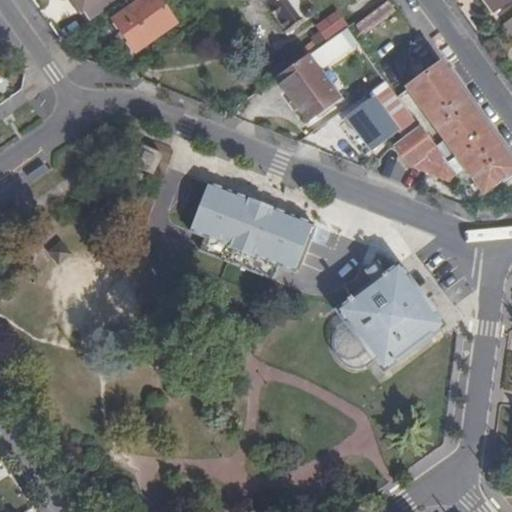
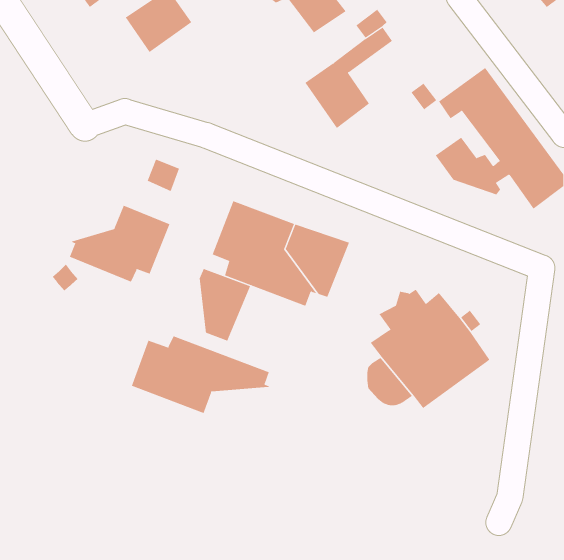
building: [347,96,396,146] -> none
building: none -> [69,205,170,282]
building: none -> [199,268,251,341]
building: none -> [131,335,273,414]

